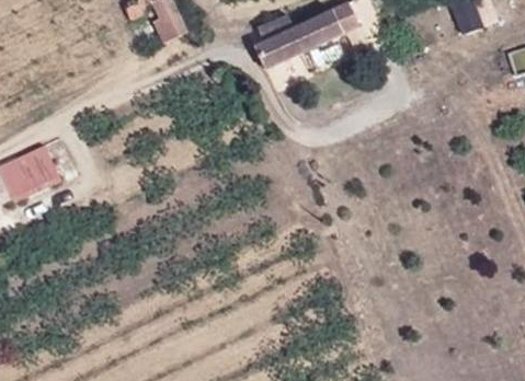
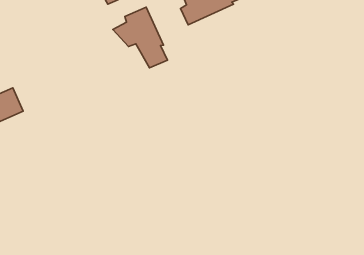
building: none -> [113,7,168,68]

